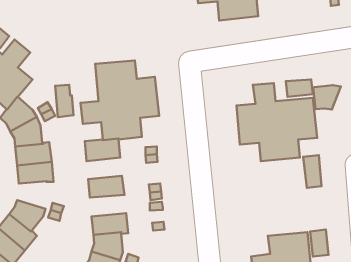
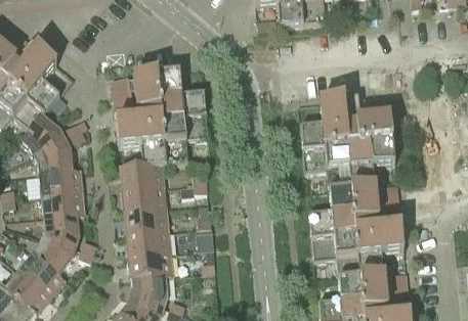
building: [55,85,74,117] -> [112,77,133,114]
building: [313,85,341,110] -> none
building: none -> [123,186,165,212]
building: none -> [308,186,403,278]
building: none -> [41,214,78,246]
building: none -> [127,230,170,256]

